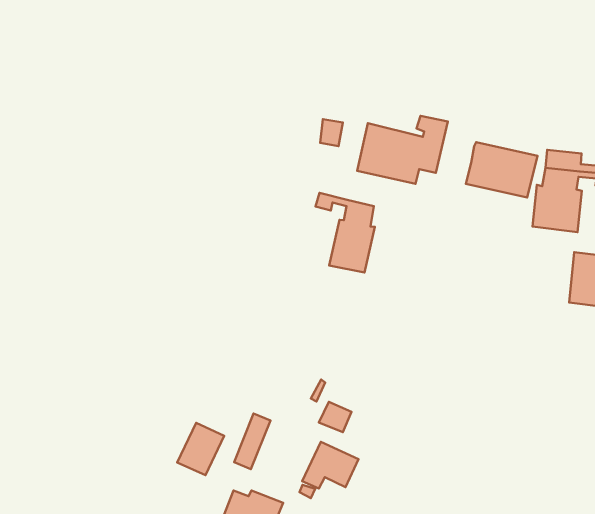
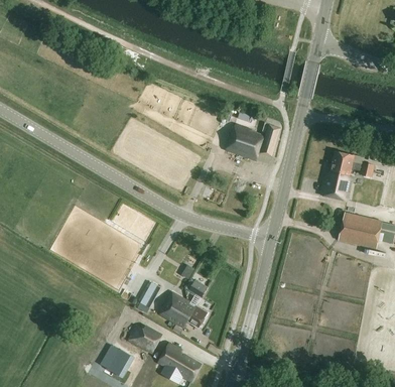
building: [466,142,537,198] -> none
building: [316,193,375,273] -> none
building: [177,423,224,475] -> [159,292,187,322]

